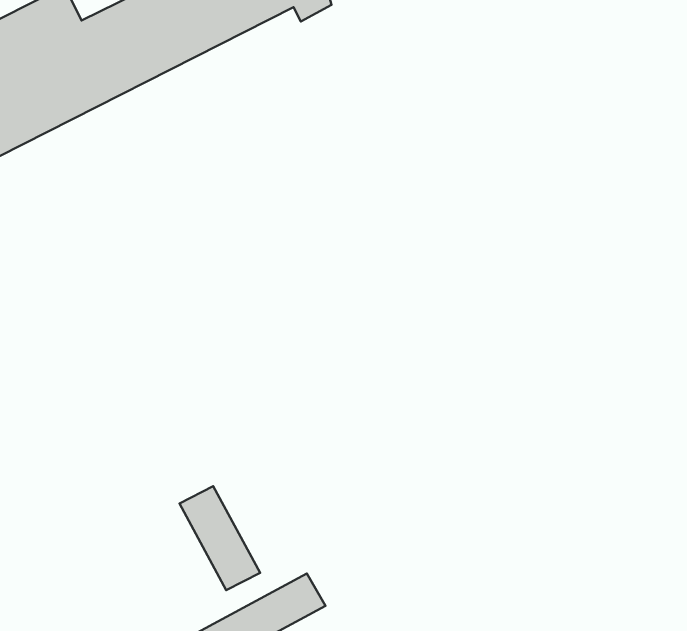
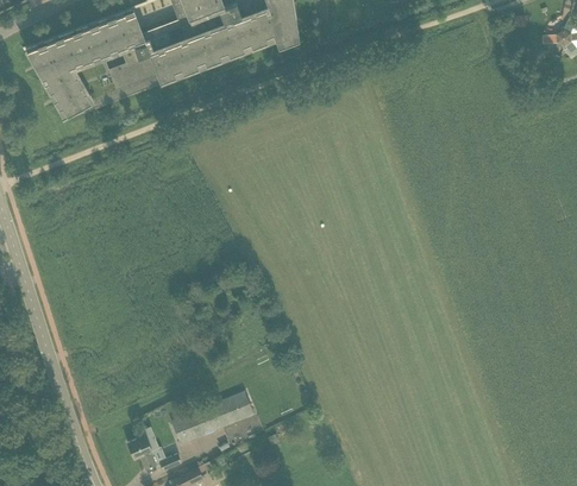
building: [179,486,260,590] -> none

